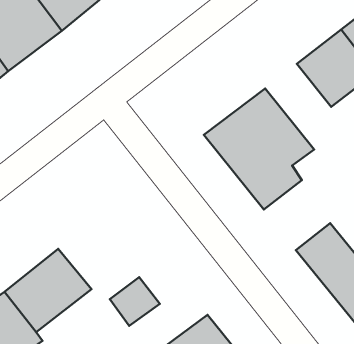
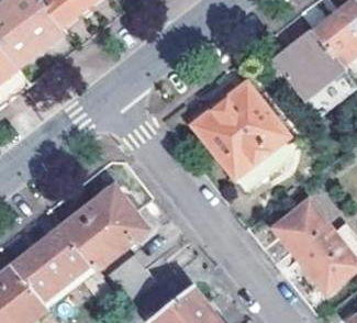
building: none -> [59,185,147,271]

